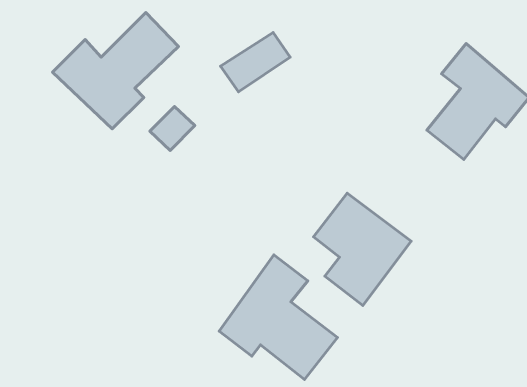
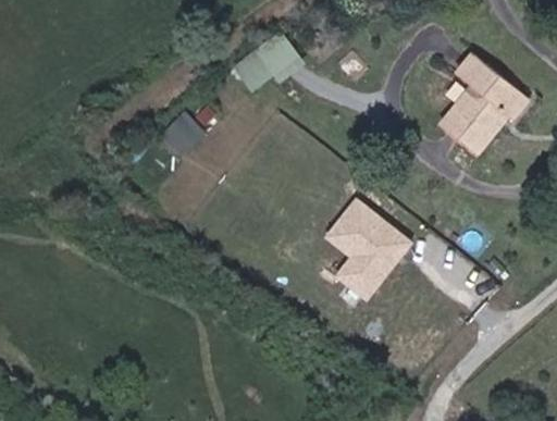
building: [52,13,178,129] -> none
building: [219,255,337,380] -> none

